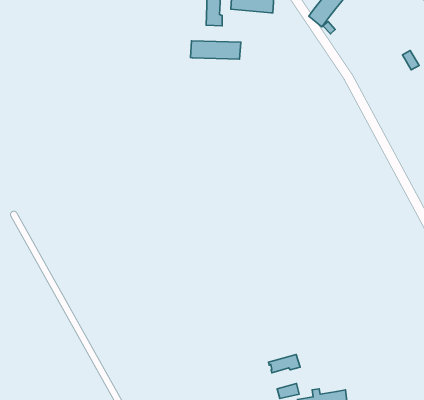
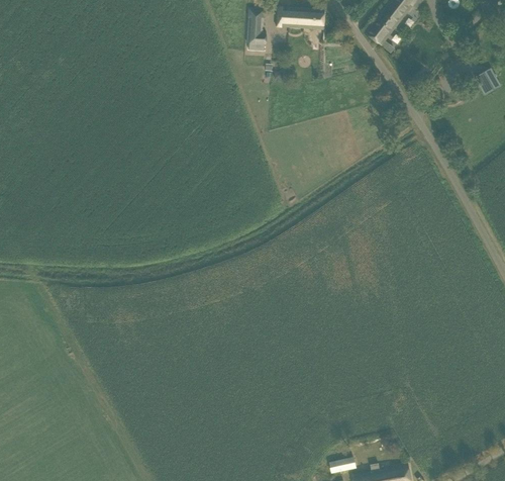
building: [190,41,241,59] -> none
building: [268,355,300,373] -> none

